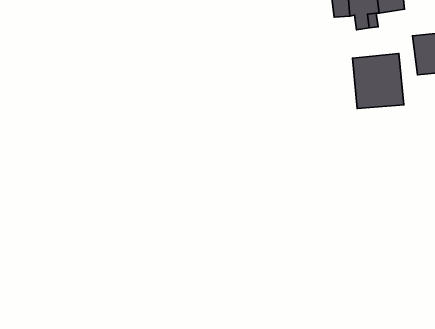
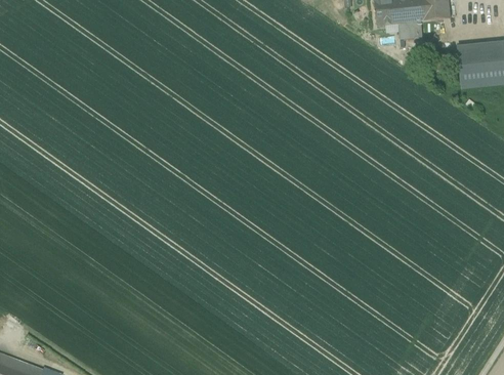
building: [352,53,404,108] -> none

